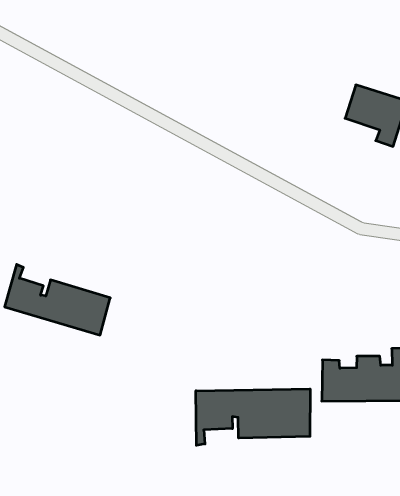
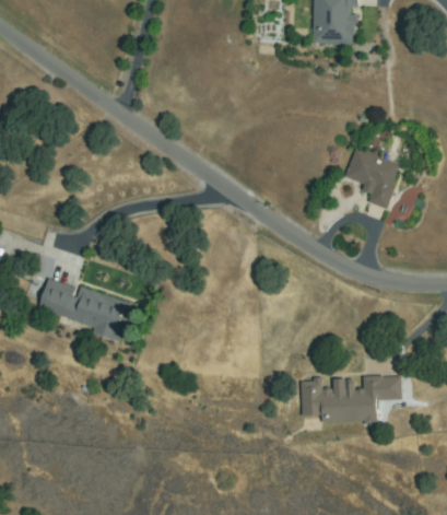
building: [196,389,310,445] -> none

